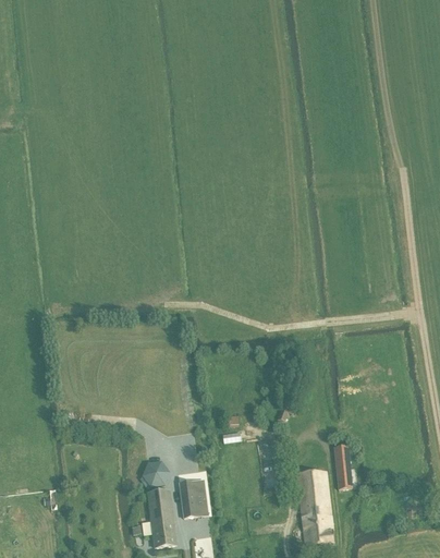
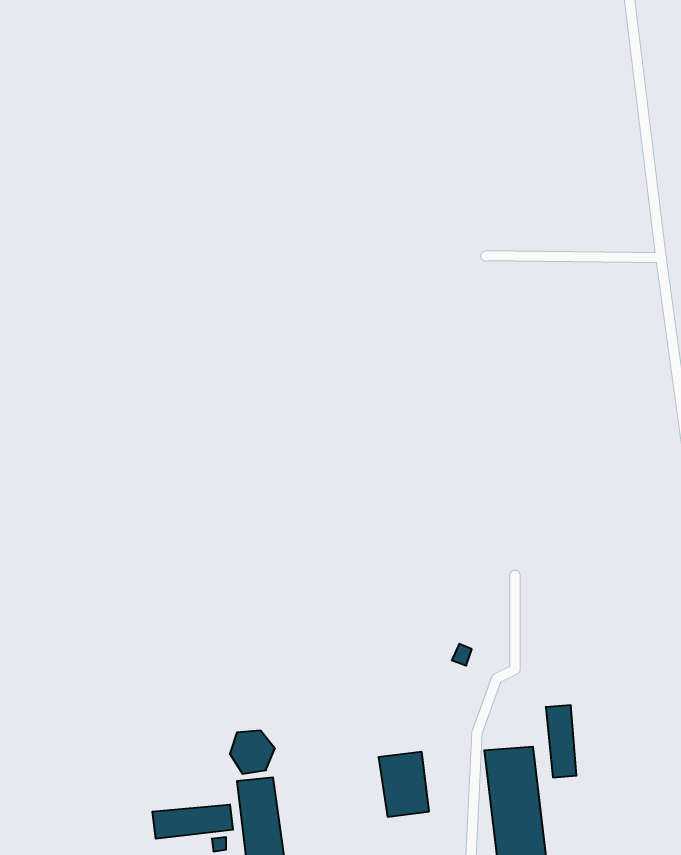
building: [178,478,208,518] -> [378,752,429,817]
building: none -> [152,804,233,839]

